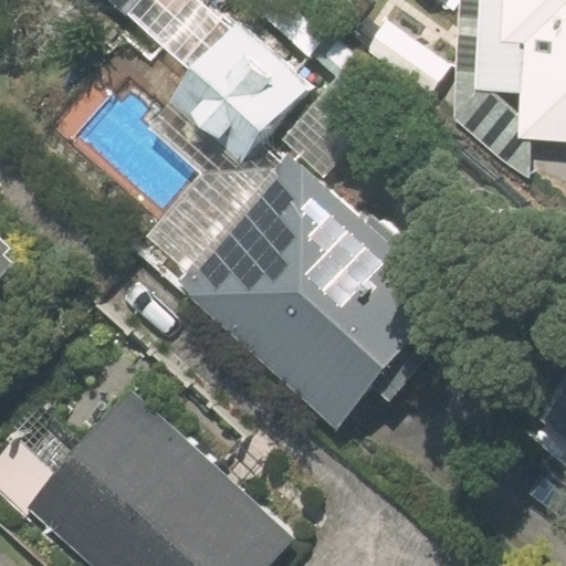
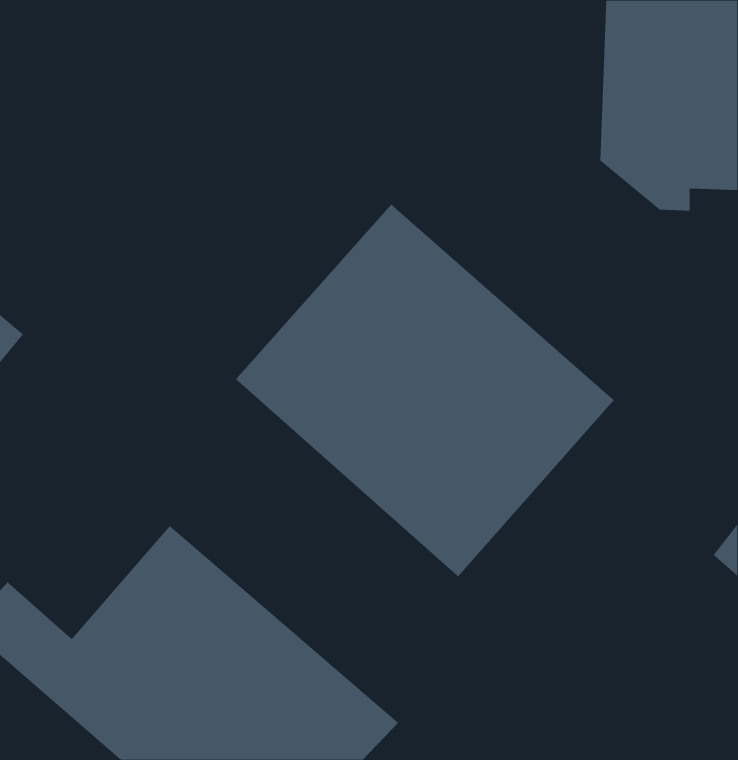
building: [168,18,312,163] -> none

